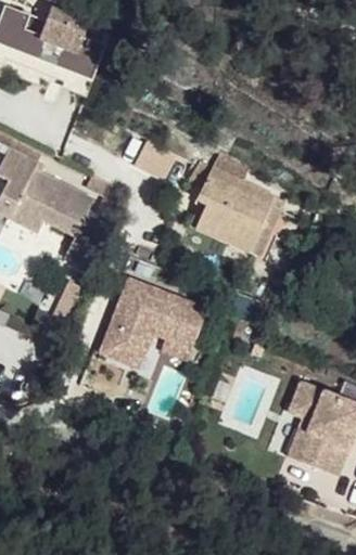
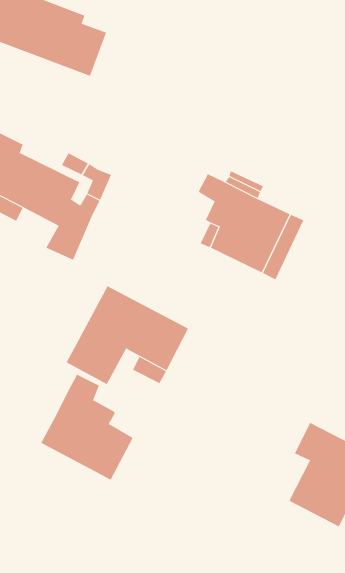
building: none -> [41,374,133,480]

